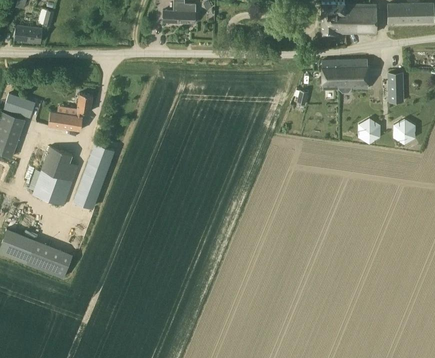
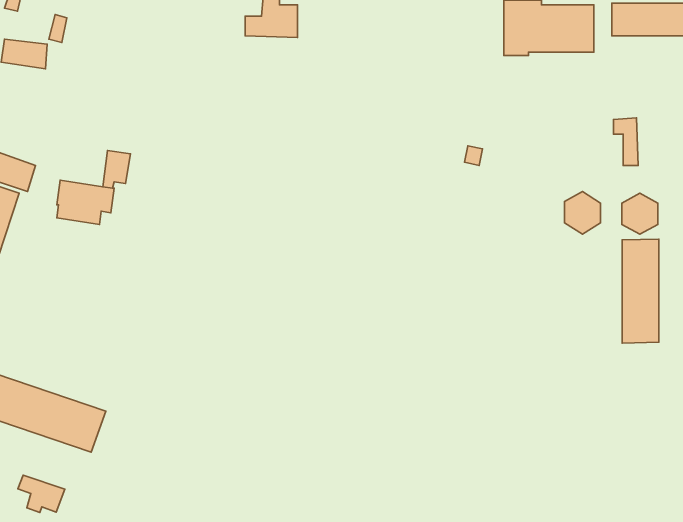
building: [322,59,368,93] -> none
building: [74,144,114,208] -> none
building: [32,146,79,206] -> none
building: none -> [622,239,659,343]
building: none -> [18,475,65,513]

